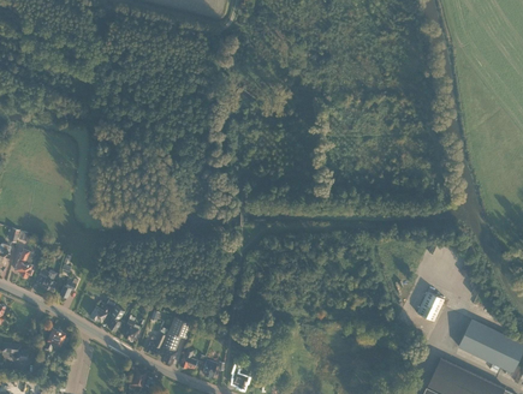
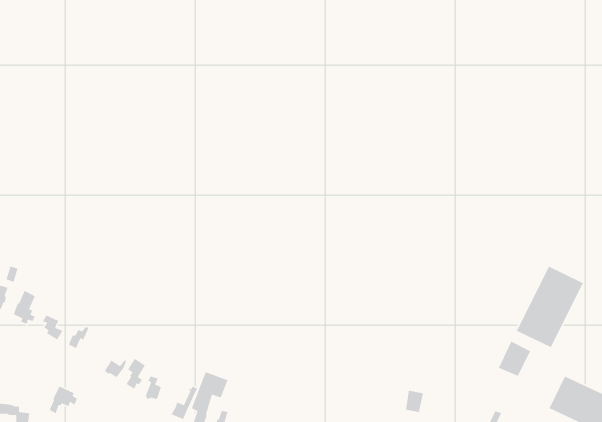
building: none -> [516,266,584,348]

